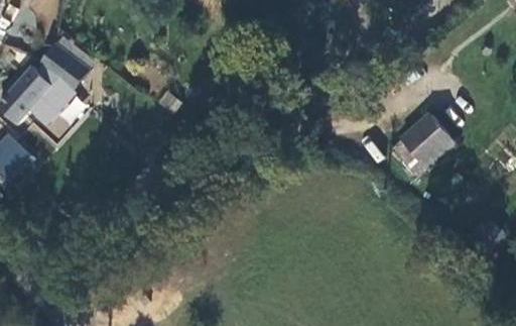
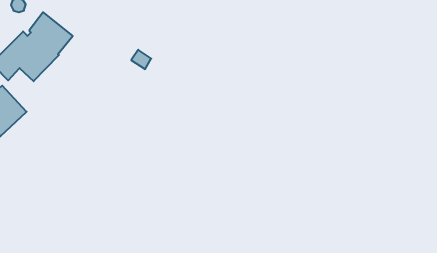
building: [398,108,458,170] -> none

